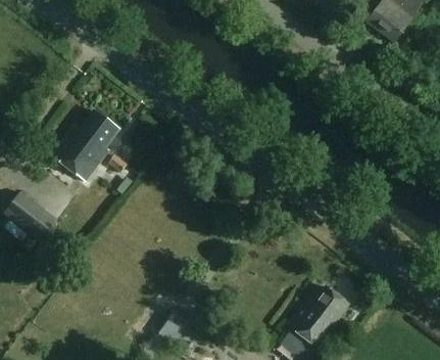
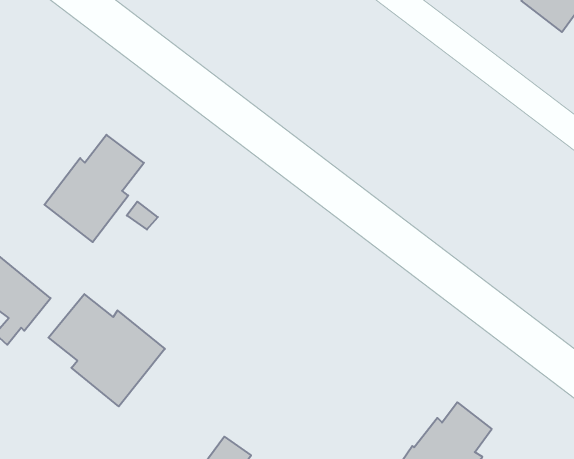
building: none -> [48,294,165,406]

